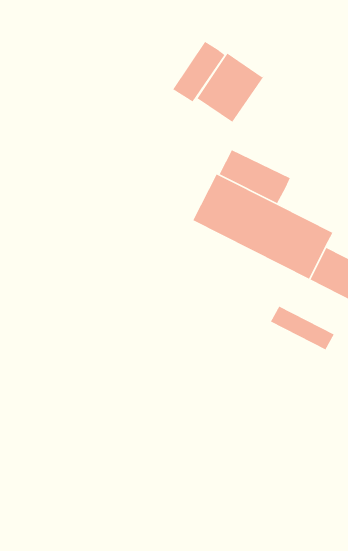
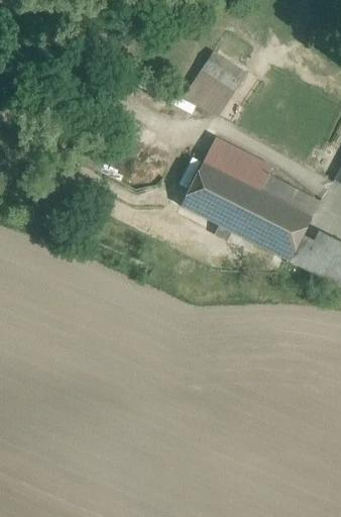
building: [172,41,226,103] -> none
building: [270,305,335,351] -> [259,175,319,216]

